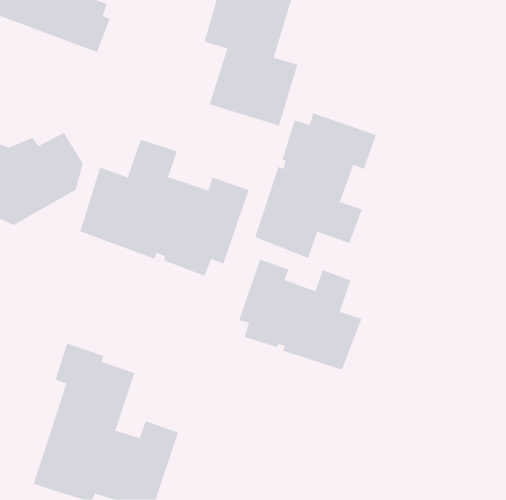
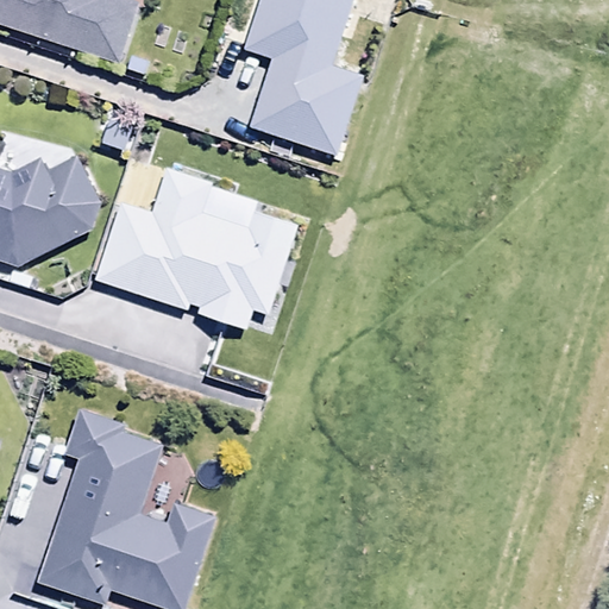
building: [255,113,376,259] -> none
building: [239,259,362,370] -> none

